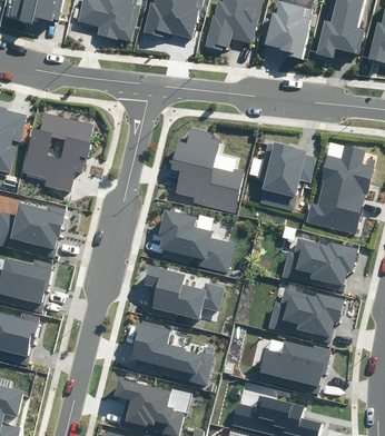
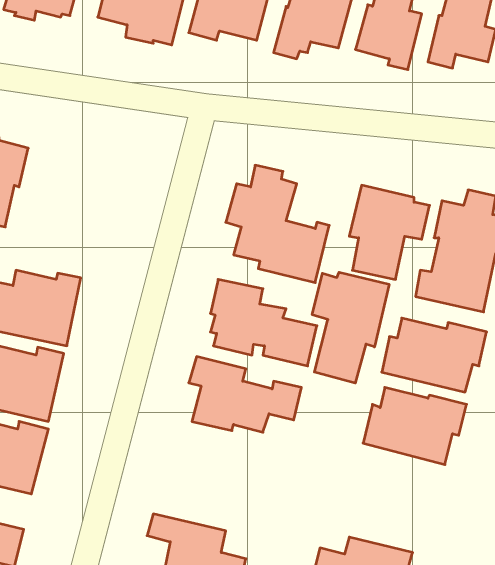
building: [22,111,93,190] -> none
building: none -> [312,272,389,383]
building: [130,319,214,384] -> none
building: [258,340,330,392] -> none

